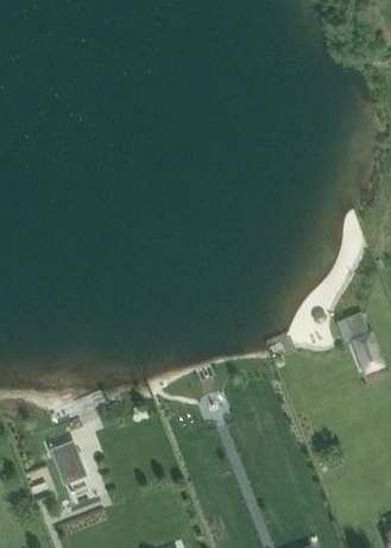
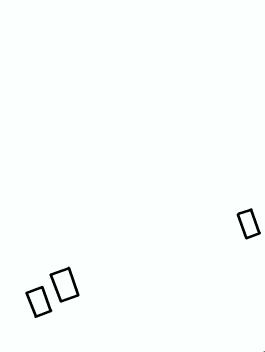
building: none -> [51,268,78,301]

